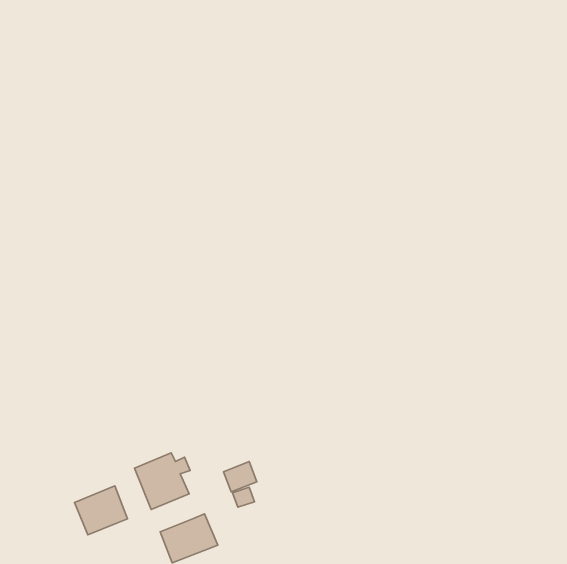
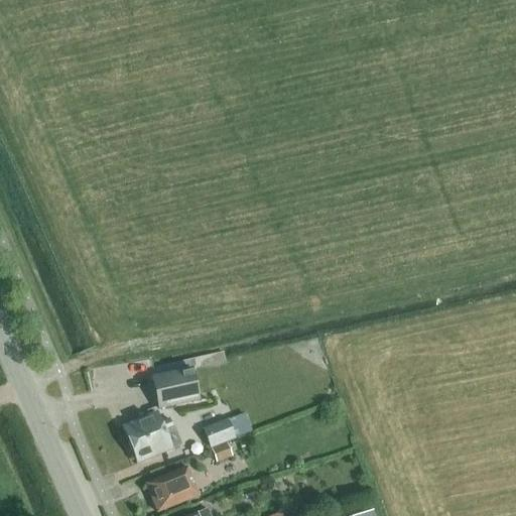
building: none -> [152,366,199,406]
building: [74,486,127,535] -> none

